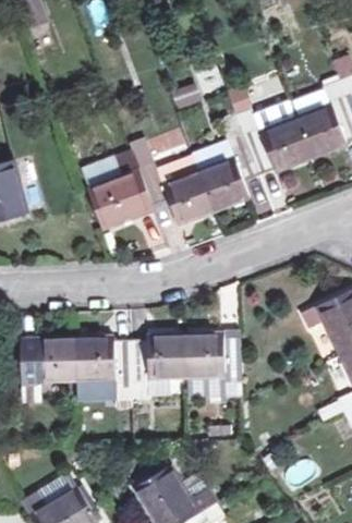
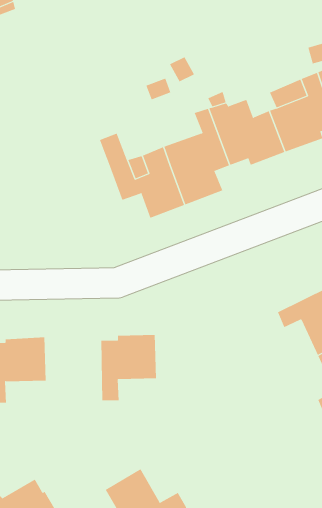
building: [84,156,154,229] -> none
building: [184,335,241,380] -> none
building: [77,337,132,408] -> none

